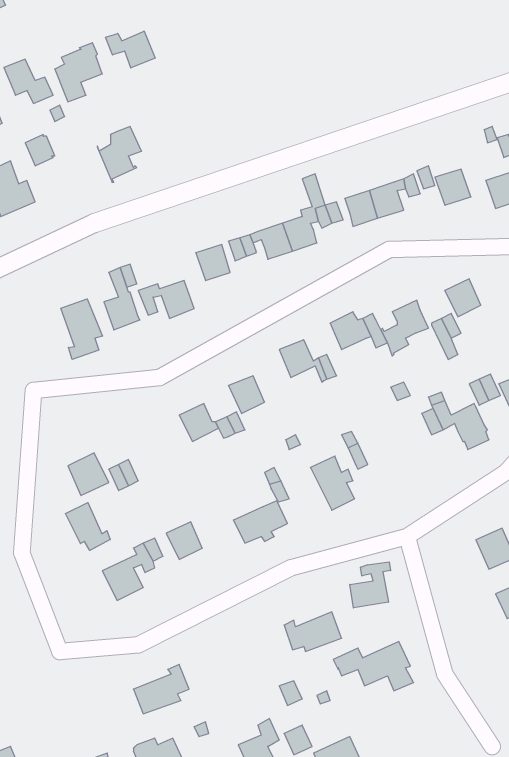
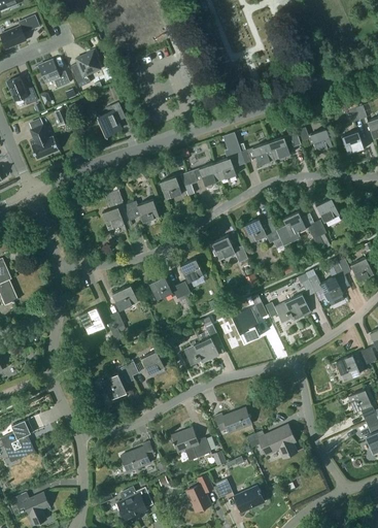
building: [105,31,155,68] -> none
building: [61,299,102,359] -> none
building: none -> [112,285,138,310]
building: none -> [275,294,309,322]
building: [65,503,110,550] -> none
building: [350,562,391,608] -> none
building: none -> [171,428,211,458]

